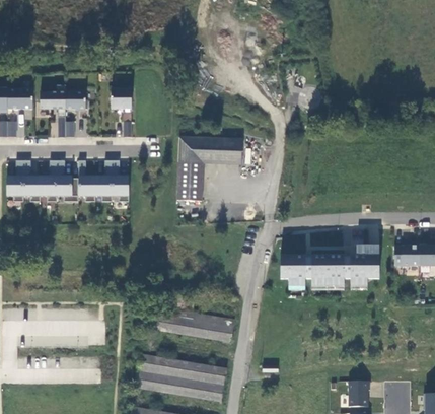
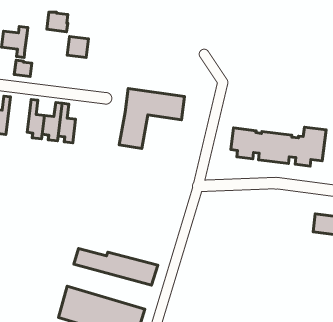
building: [65,89,86,109] -> [47,12,68,32]
building: [56,160,78,201] -> none
building: [281,245,379,285] -> [231,127,326,166]

